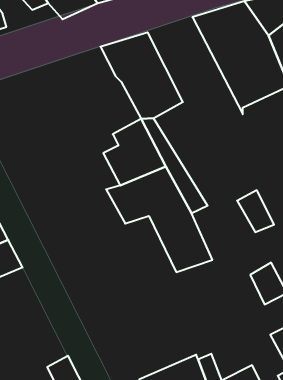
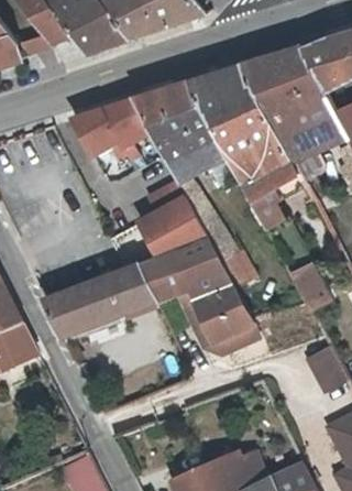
building: none -> [186,62,296,230]
building: none -> [71,96,148,157]
building: none -> [41,261,160,338]

